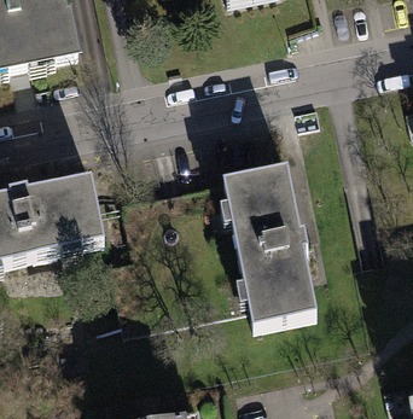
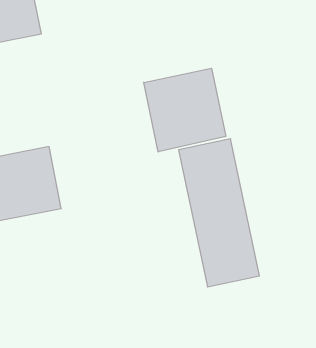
building: none -> [144,68,226,152]

